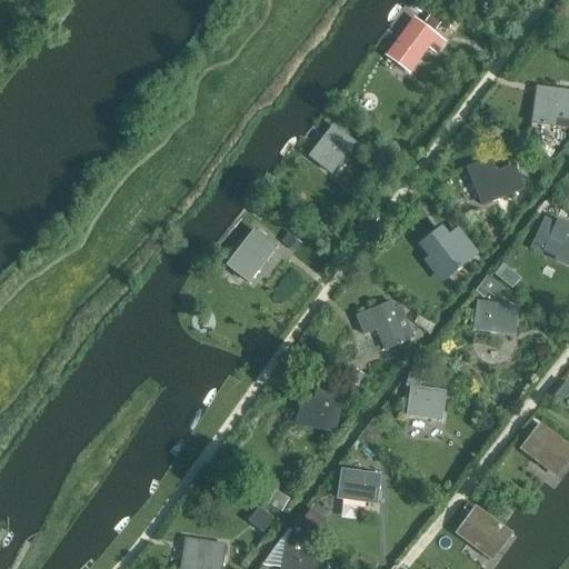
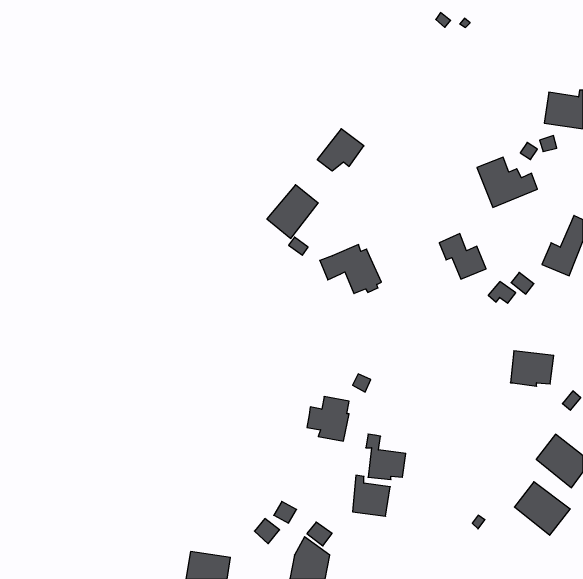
building: [396,17,442,69] -> none
building: [224,228,274,280] -> [267,185,318,238]
building: [473,299,516,333] -> [510,351,554,386]
building: [353,300,413,348] -> [320,245,381,294]
building: [406,372,445,417] -> [366,434,406,480]
building: [457,508,511,560] -> [514,482,570,535]

